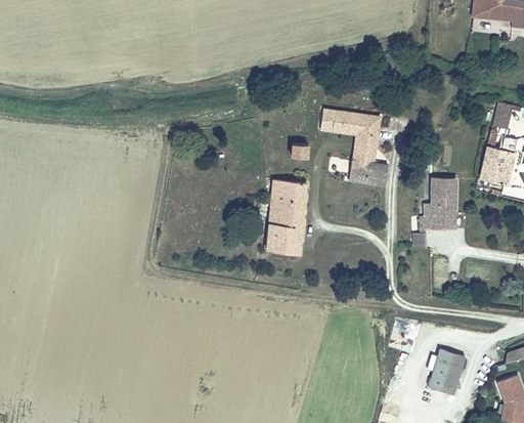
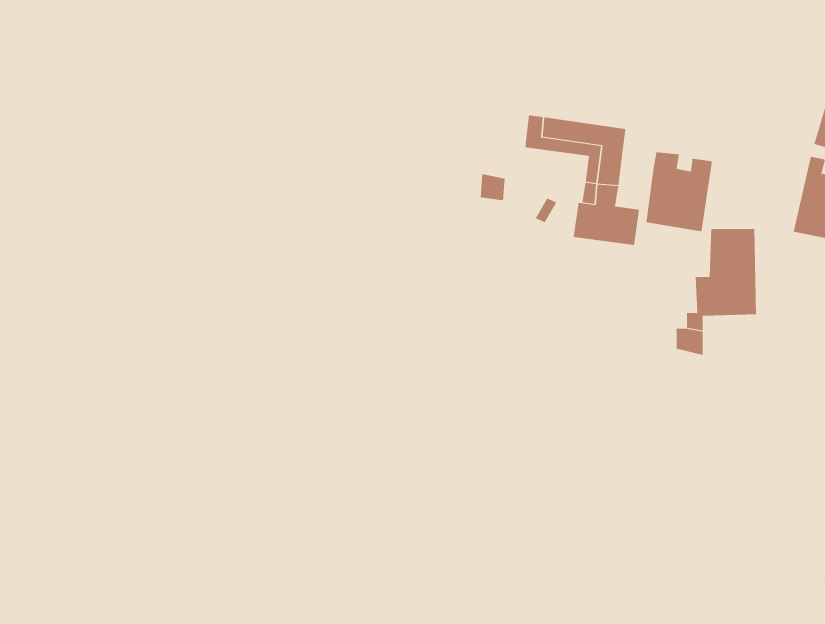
building: none -> [646,151,712,232]
building: [268,182,307,257] -> none
building: [429,349,465,393] -> none

